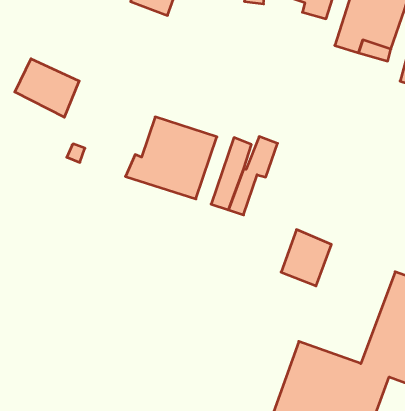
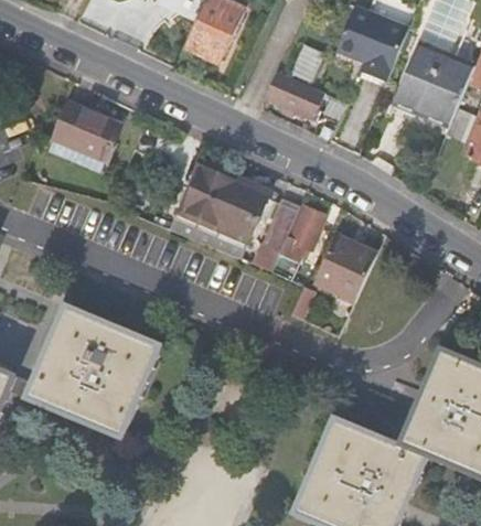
building: none -> [267,73,330,120]
building: [281,230,331,286] -> [320,240,375,301]
building: none -> [24,302,160,438]

